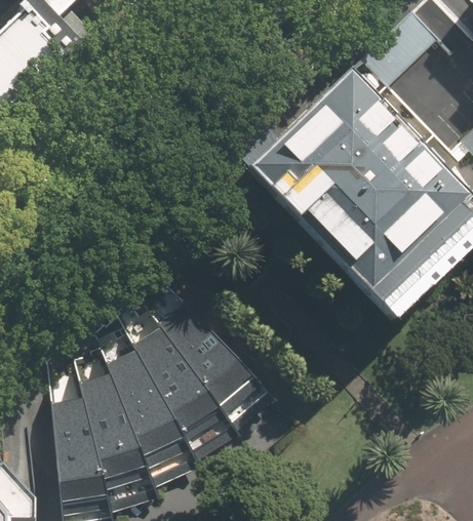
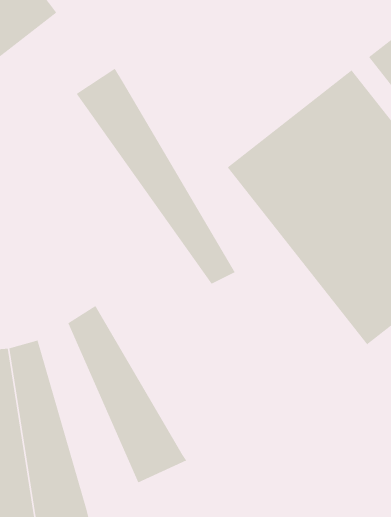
building: none -> [76,68,235,285]
building: [146,282,271,428] -> none
building: [97,321,202,484] -> none

